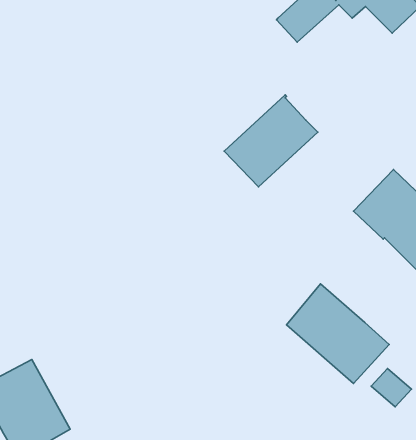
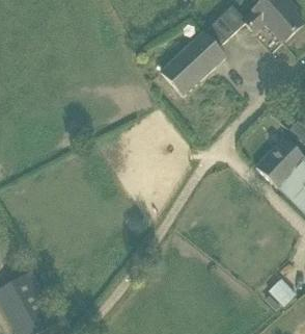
building: [224,95,318,187] -> [160,30,225,95]
building: [286,284,389,384] -> none

